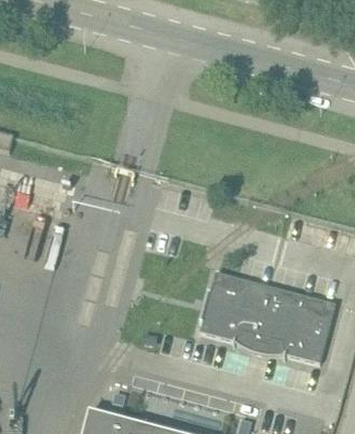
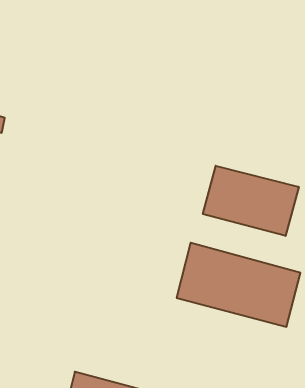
building: none -> [203,166,299,236]

